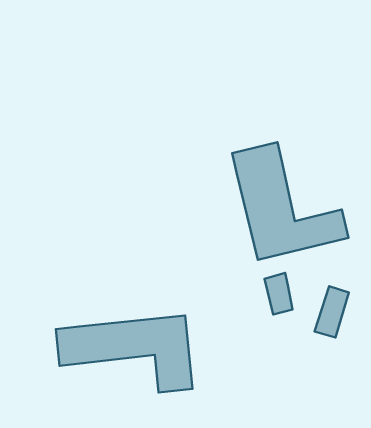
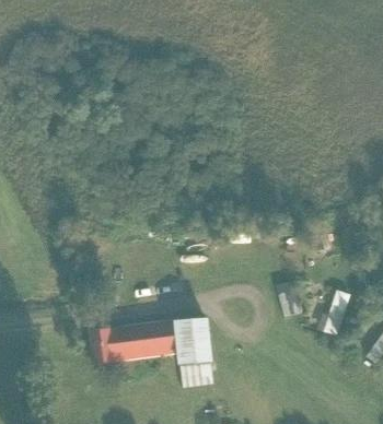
building: [232,142,348,260] -> none

